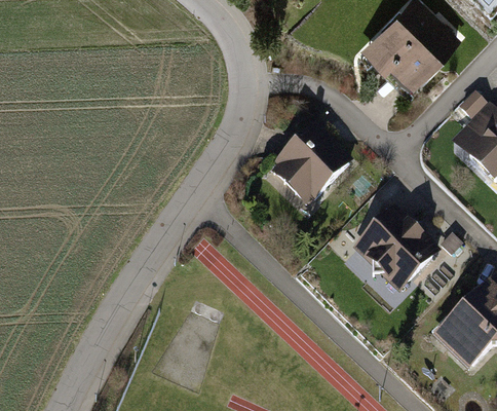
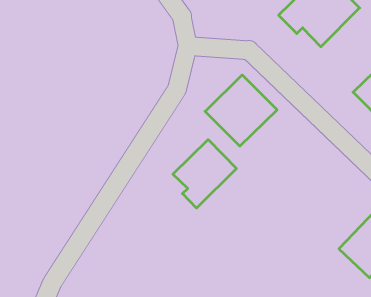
building: none -> [173,140,236,208]
building: [348,204,439,296] -> none

